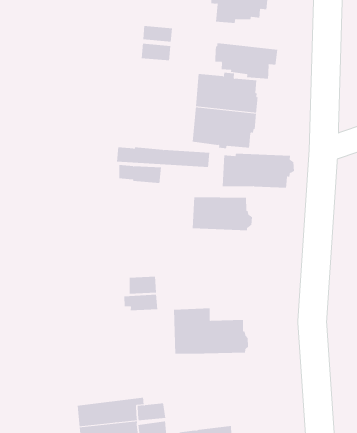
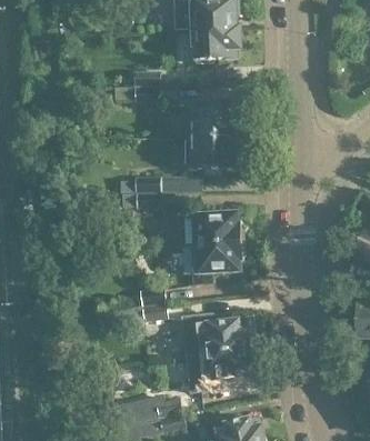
building: [215,43,278,79] -> none
building: [222,153,295,188] -> [180,241,243,273]
building: none -> [193,348,251,390]

